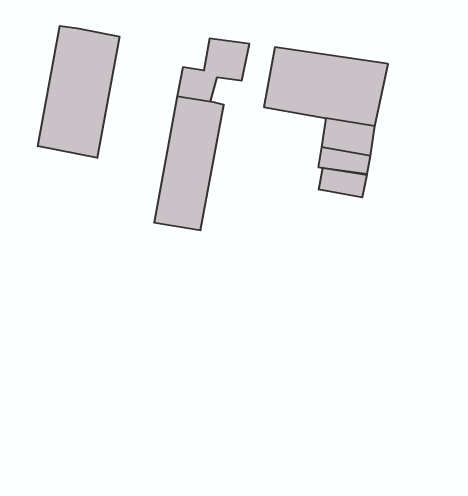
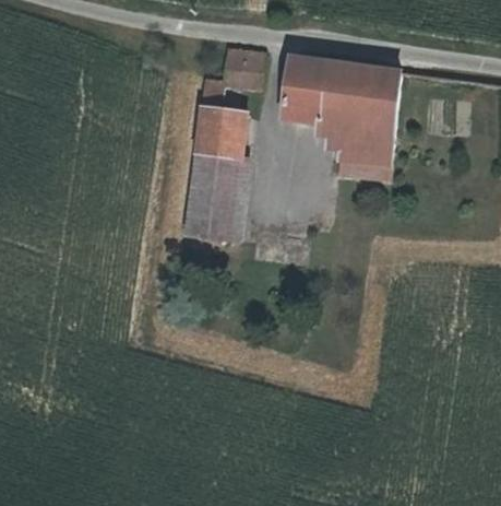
building: [38,26,120,158] -> none
building: [319,168,367,197] -> none

